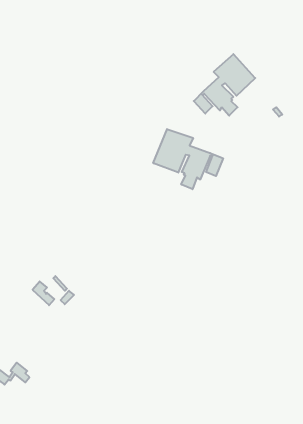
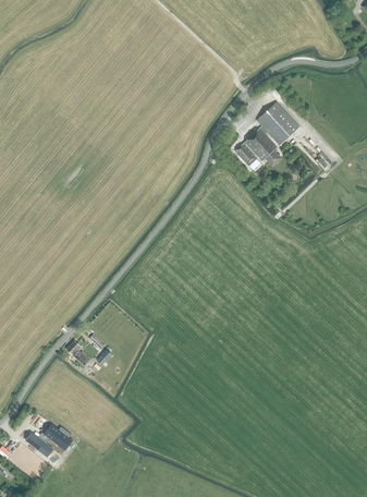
building: [153,129,223,189] -> none

